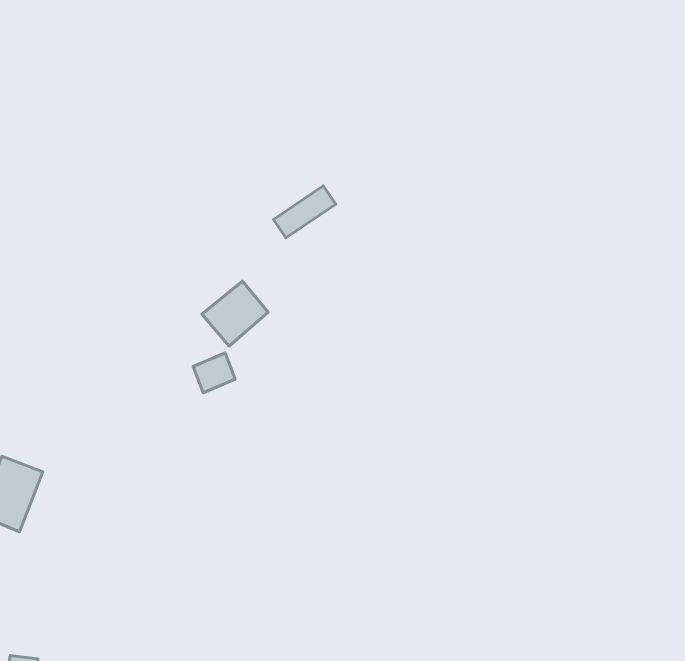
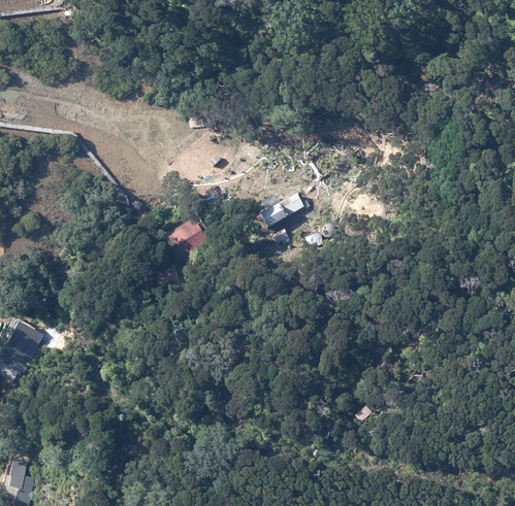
building: [273,186,336,238] -> [260,192,303,225]

